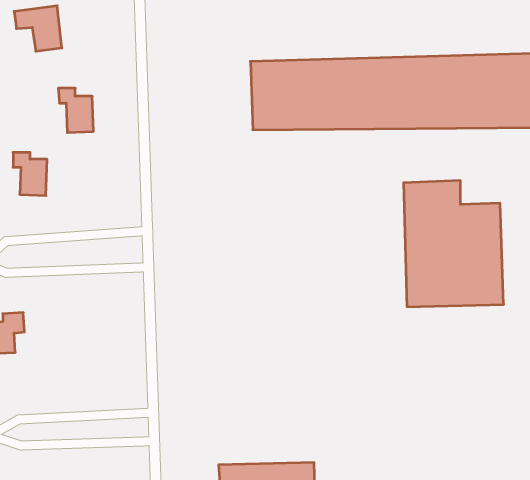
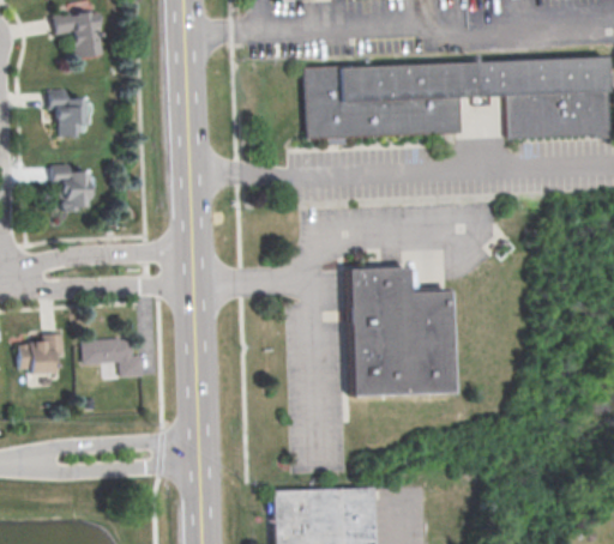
building: [58,88,93,133] -> [52,87,89,134]
building: [404,181,504,307] -> [349,262,455,395]
building: none -> [84,336,145,374]

